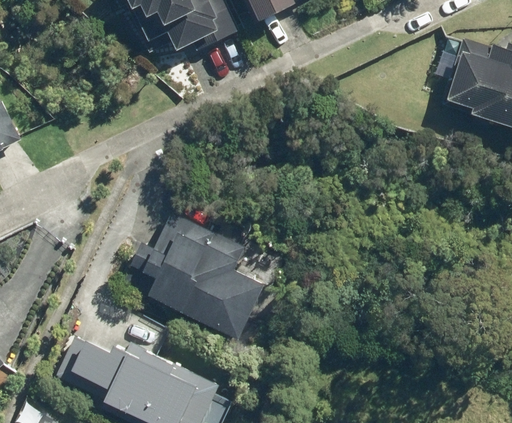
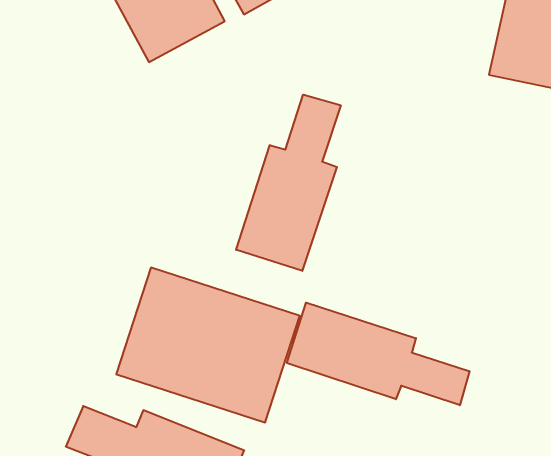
building: none -> [236,95,341,271]
building: none -> [287,303,469,405]

